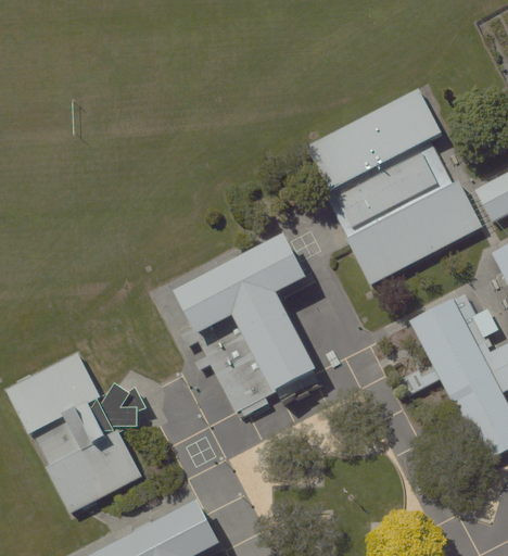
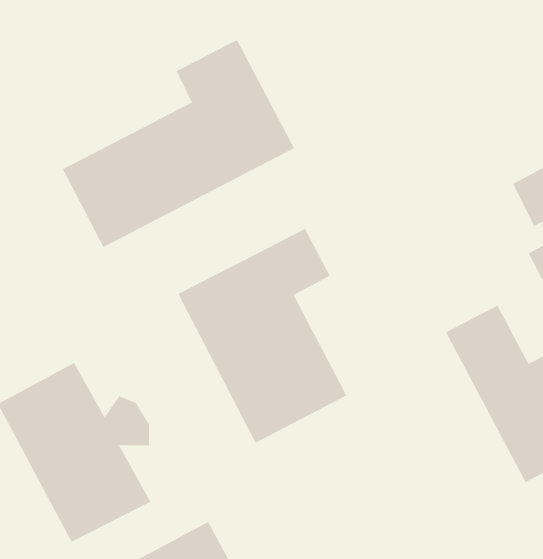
building: none -> [62,39,295,248]
building: [302,89,483,287] -> none

